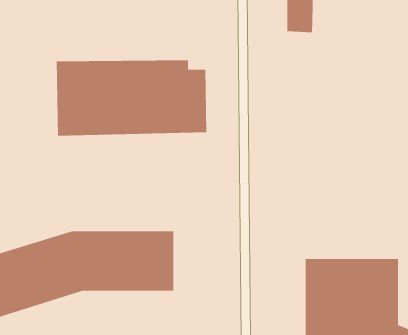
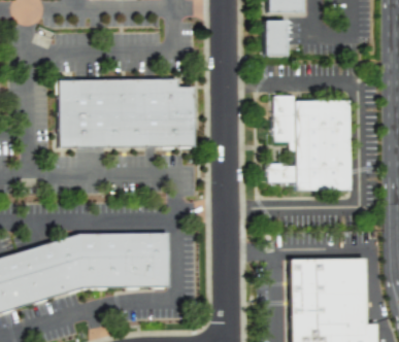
building: none -> [270,97,352,192]

